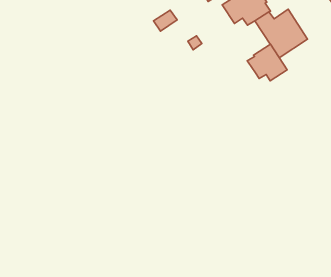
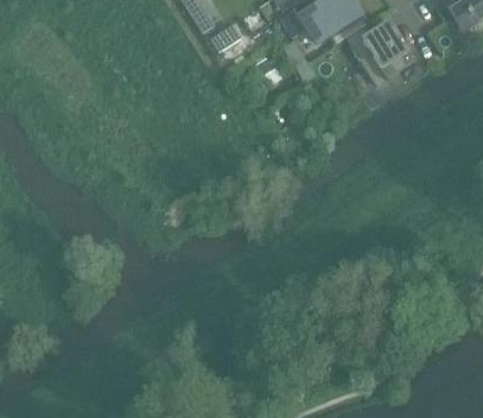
building: [247,44,287,81] -> none

